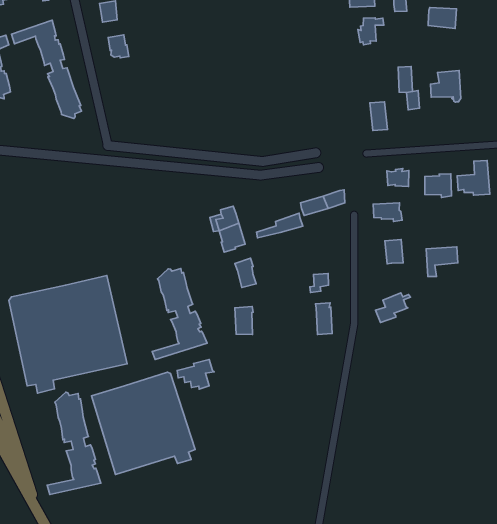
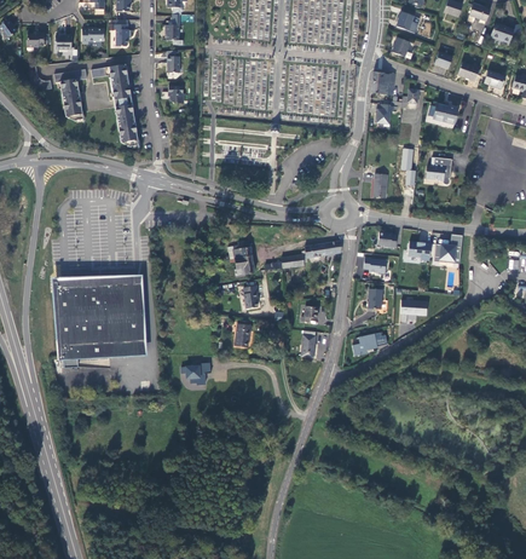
building: [152,268,207,360] -> none
building: [91,372,195,475] -> none
building: [47,392,101,495] -> none

